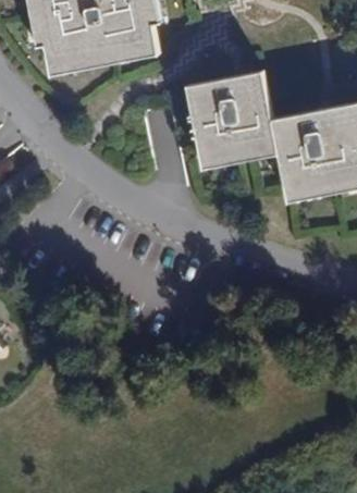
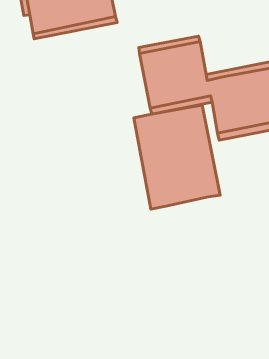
building: none -> [134,105,220,209]

